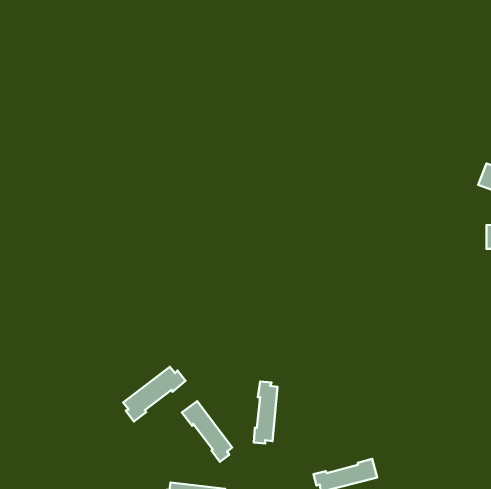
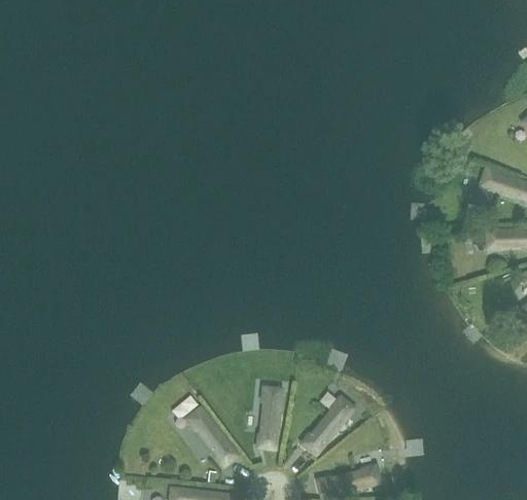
building: [123,367,185,421] -> none
building: none -> [302,395,353,452]

